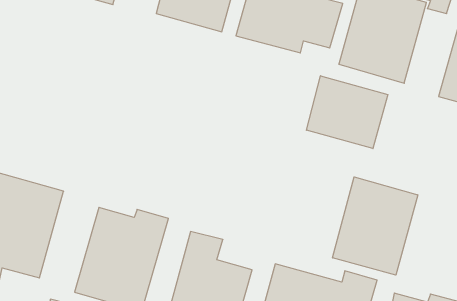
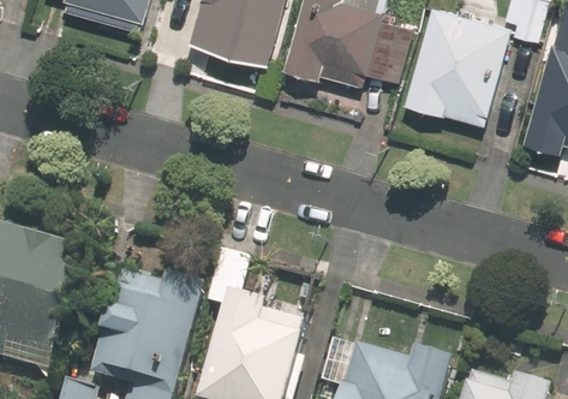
building: [306,76,388,149] -> none
building: [333,177,418,275] -> none

